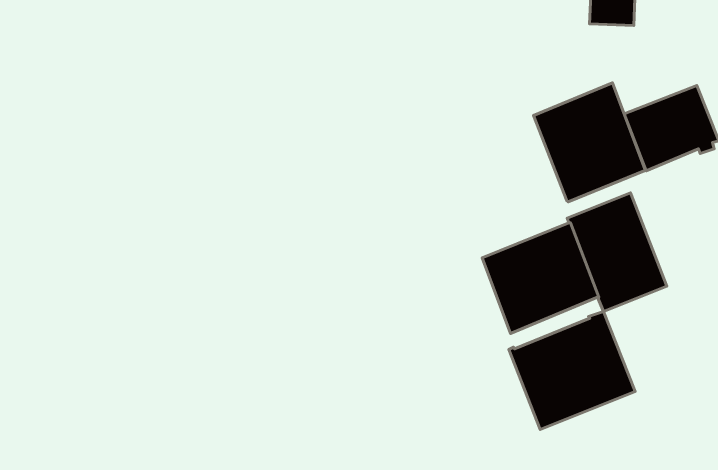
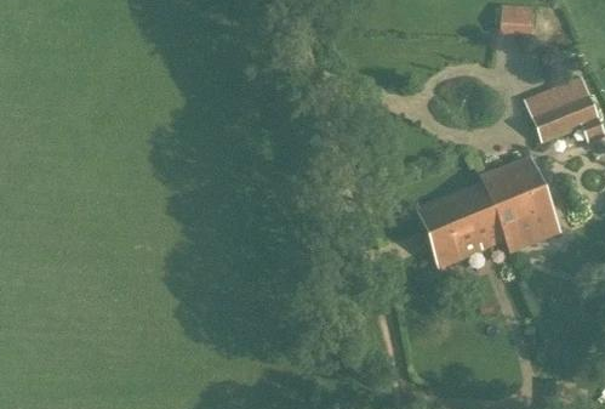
building: [534,83,646,202] -> none
building: [509,311,635,430] -> none

